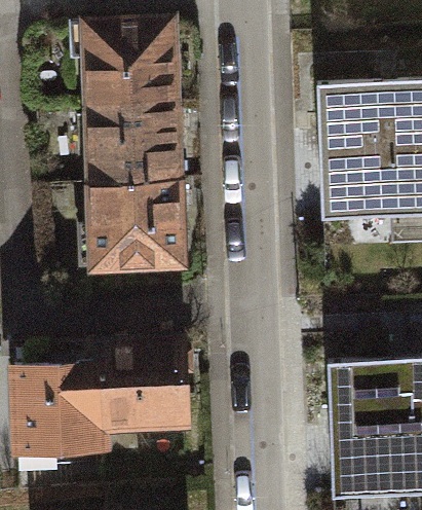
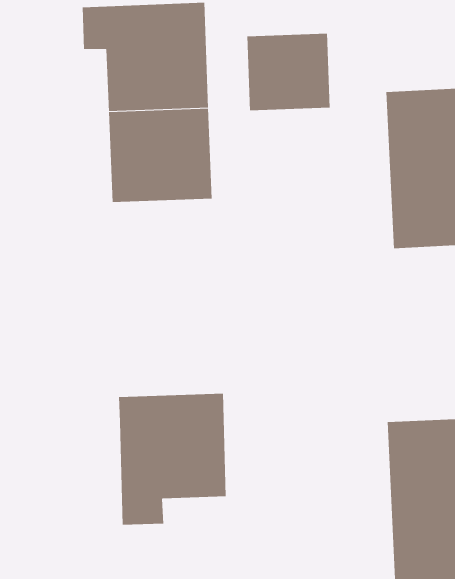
building: none -> [247,33,330,111]
building: [94,180,189,272] -> none
building: [13,342,103,451] -> none

